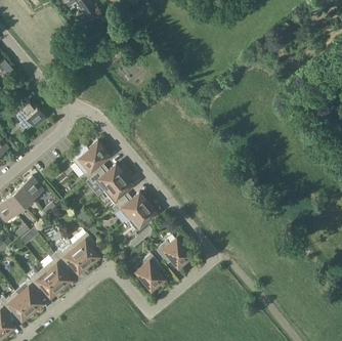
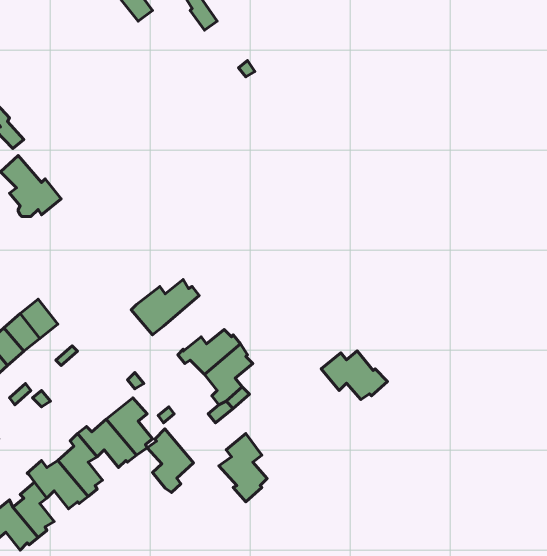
building: [72,141,108,179] -> none
building: [104,174,132,206] -> none
building: [156,239,194,266] -> [321,351,388,399]
building: none -> [147,429,194,492]

